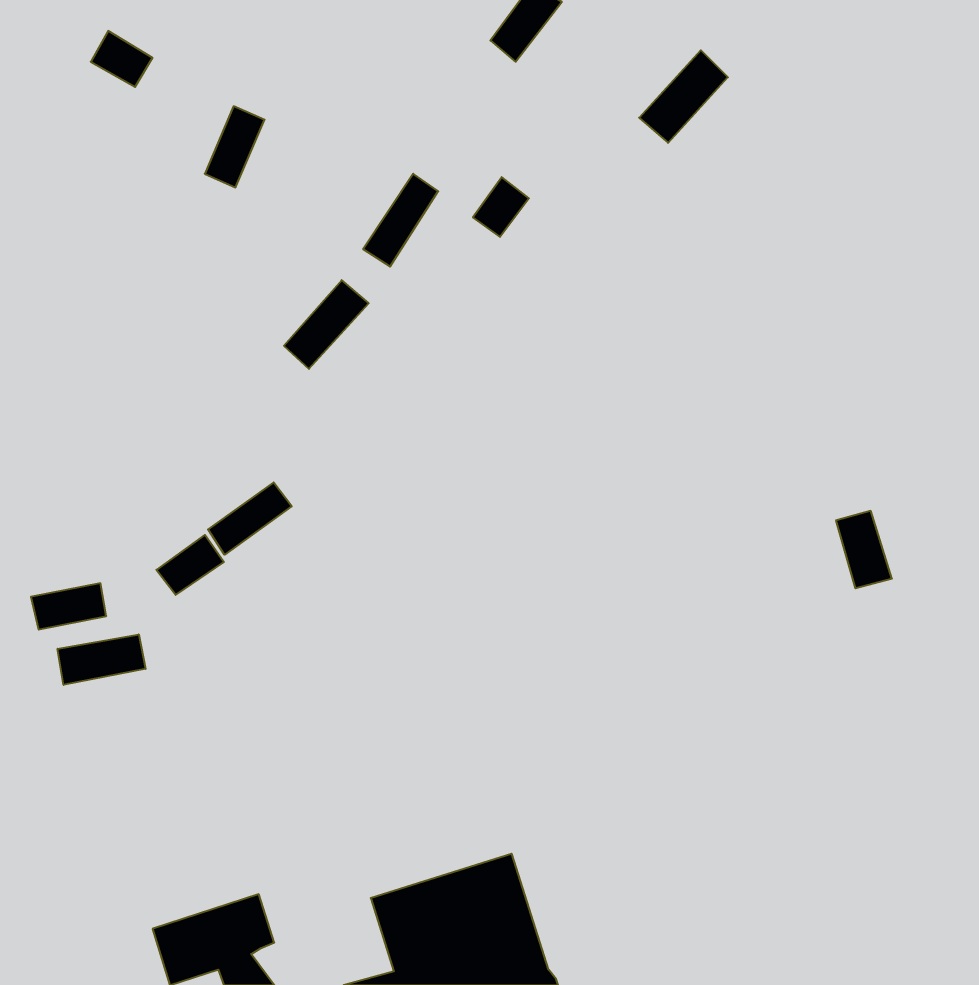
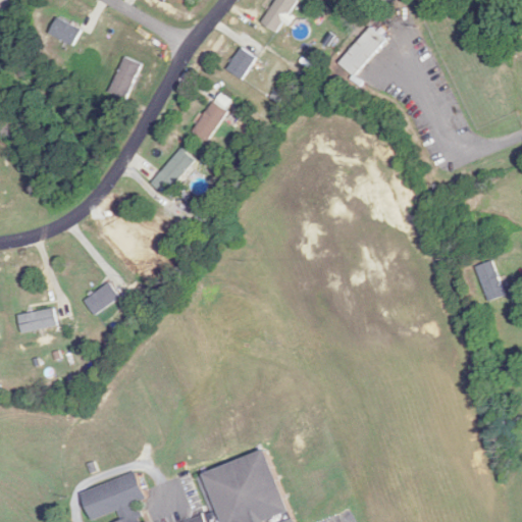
building: [473,177,529,237] -> [225,47,255,79]
building: [208,482,292,555] -> none
building: [836,511,892,588] -> [475,260,505,301]
building: [58,634,146,685] -> none

